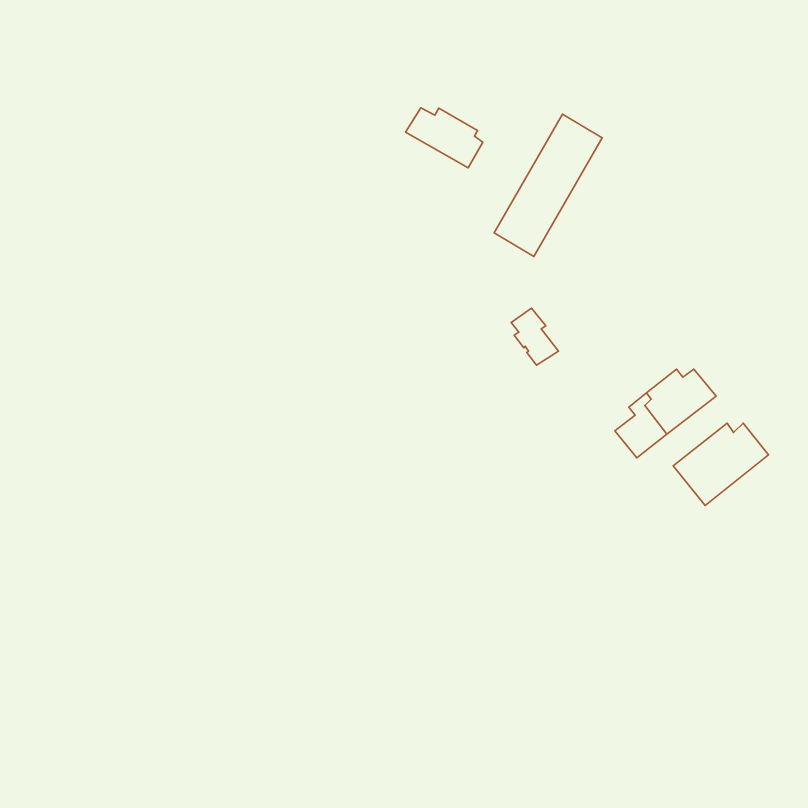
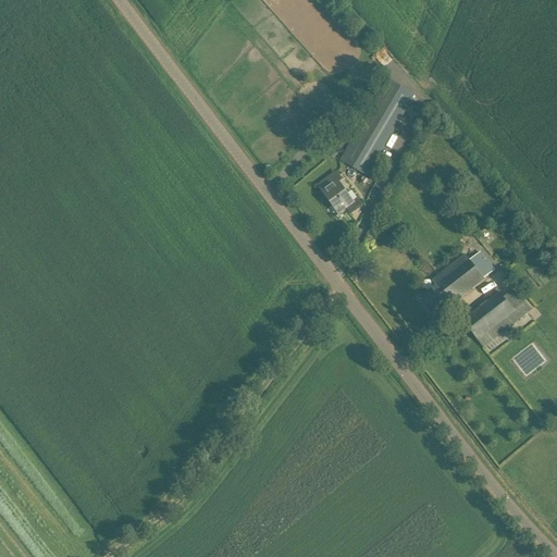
building: [406,108,483,168] -> none
building: [511,308,559,365] -> [322,172,355,211]

